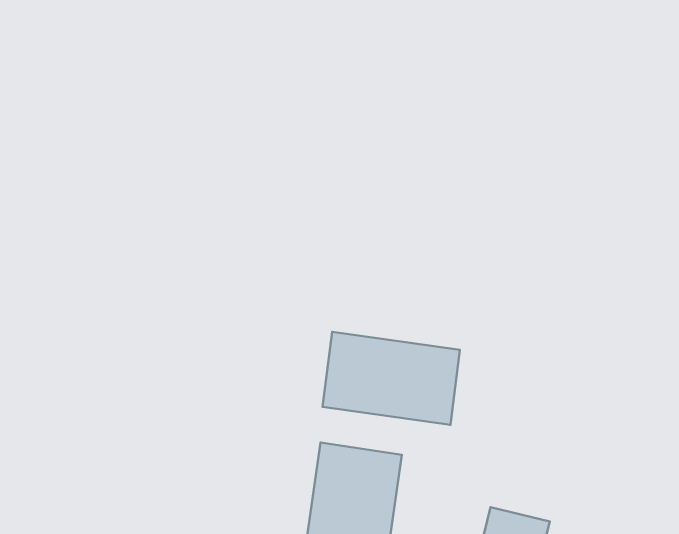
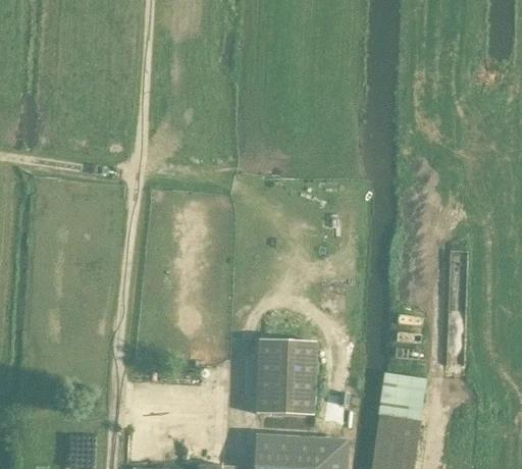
building: [323,332,460,425] -> none

